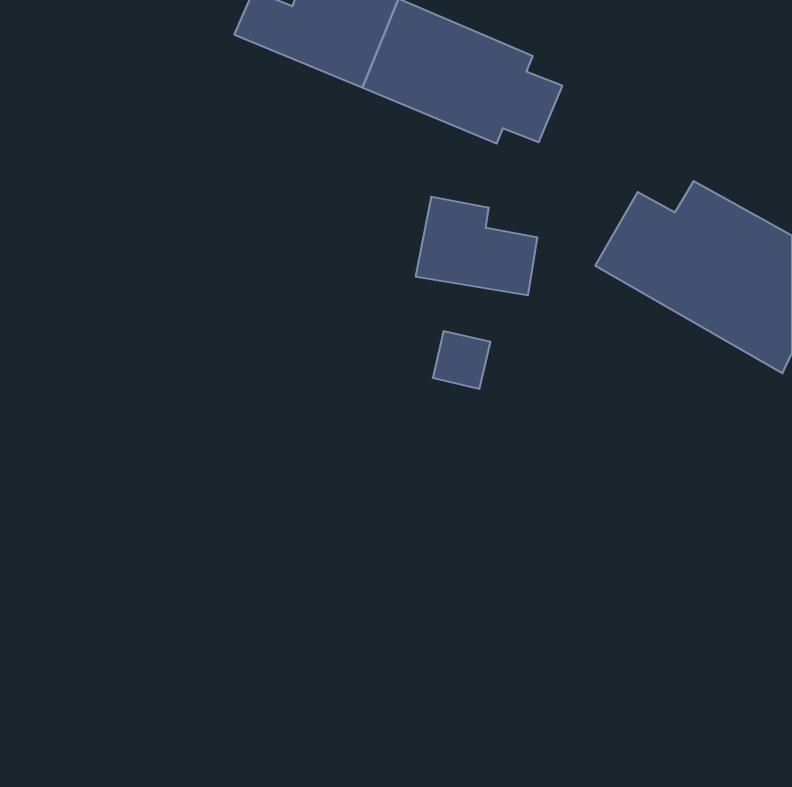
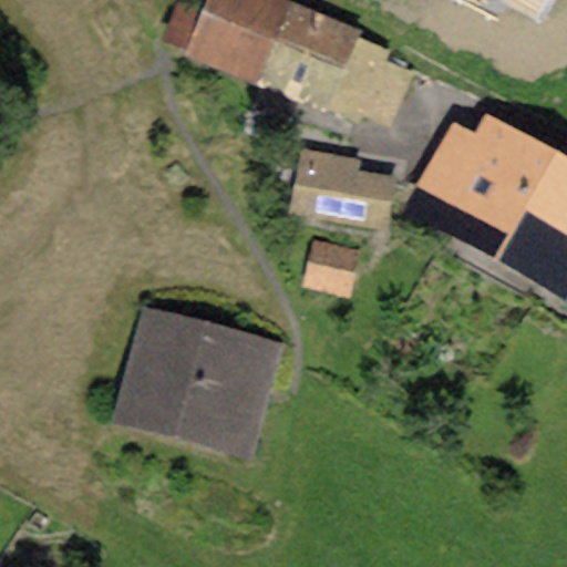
building: none -> [132,312,267,425]

